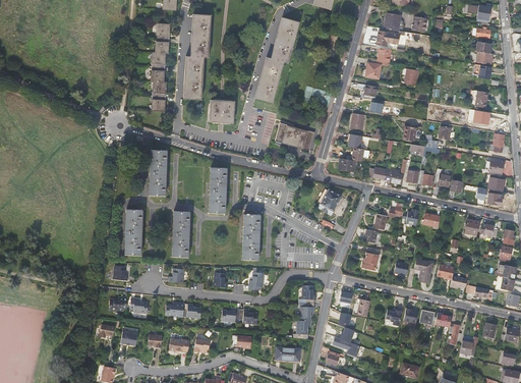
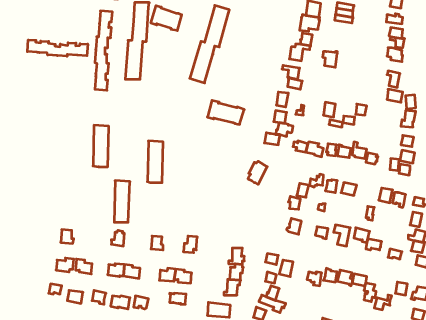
building: none -> [151,6,182,31]
building: none -> [27,40,88,56]
building: [209,99,234,122] -> none
building: [124,208,142,254] -> none
building: [241,213,259,259] -> none

